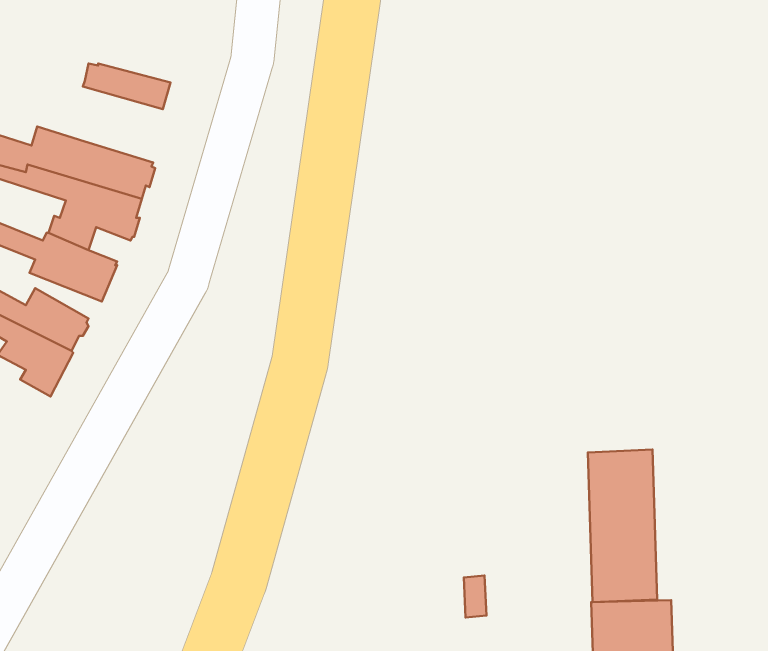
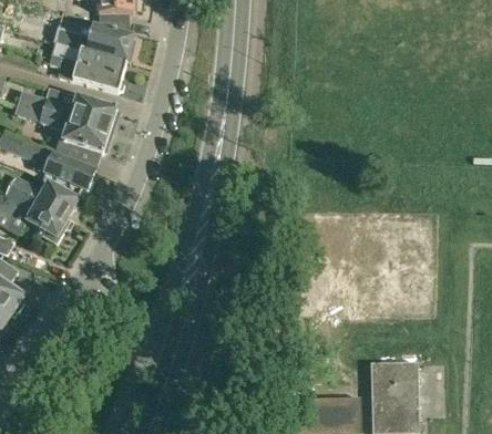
building: none -> [54,24,133,61]
building: none -> [49,53,122,91]
building: [588,450,657,602] -> none

